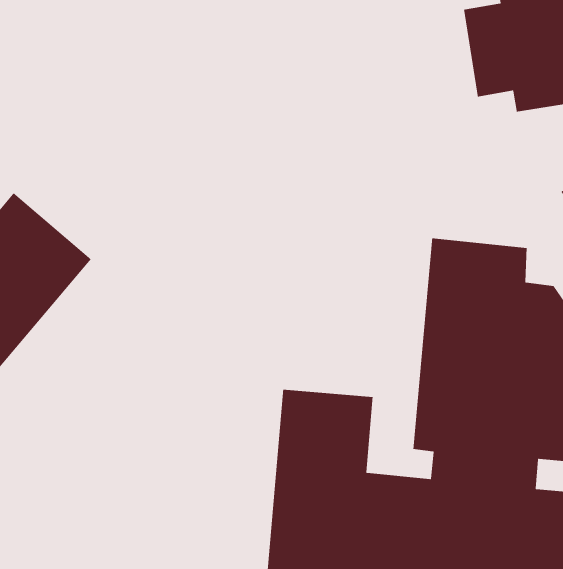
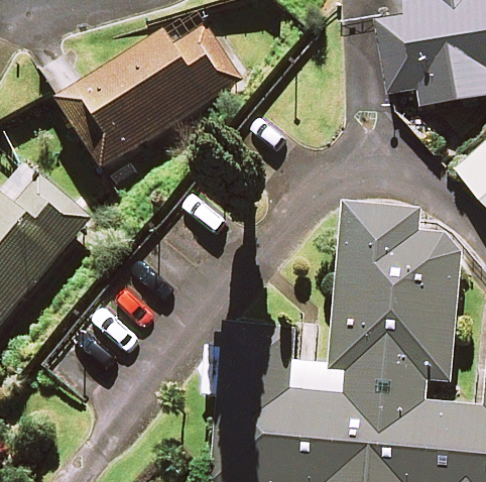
building: none -> [52,25,239,171]

